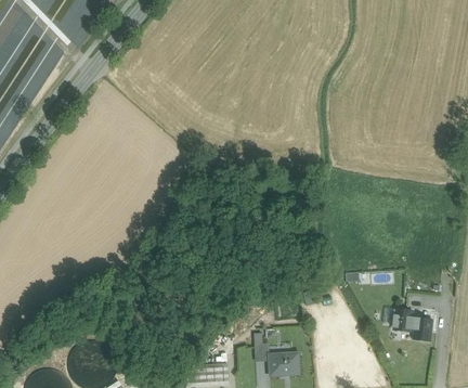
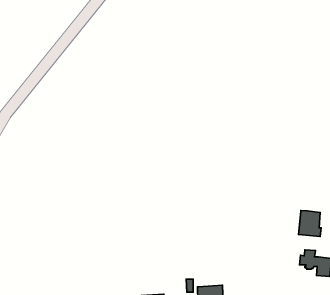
building: none -> [298,211,321,236]

